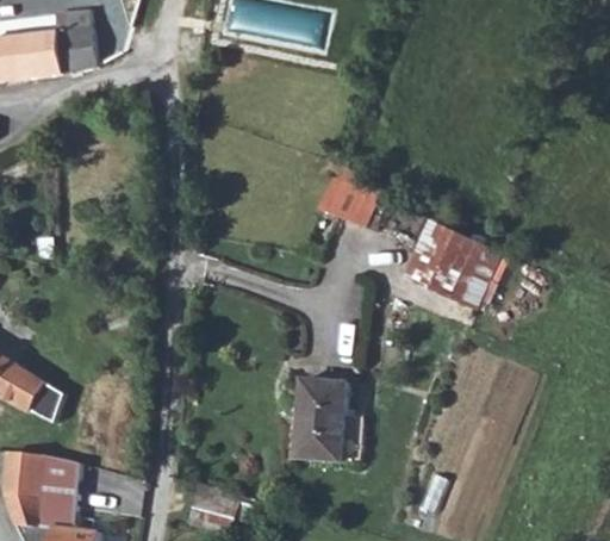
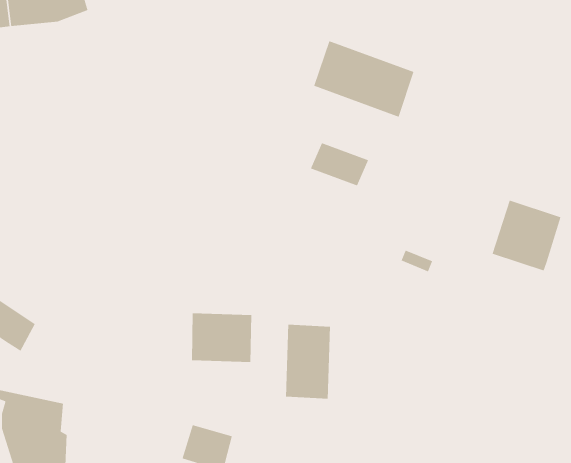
building: none -> [313,40,415,118]
building: [422,229,493,303] -> [492,199,562,272]
building: none -> [191,313,252,363]

